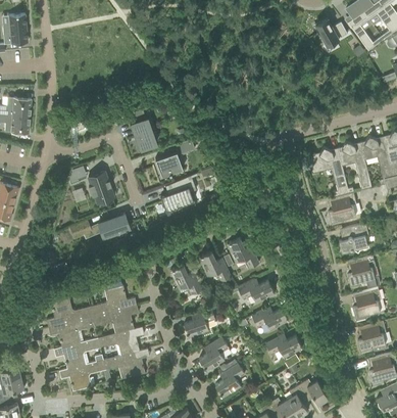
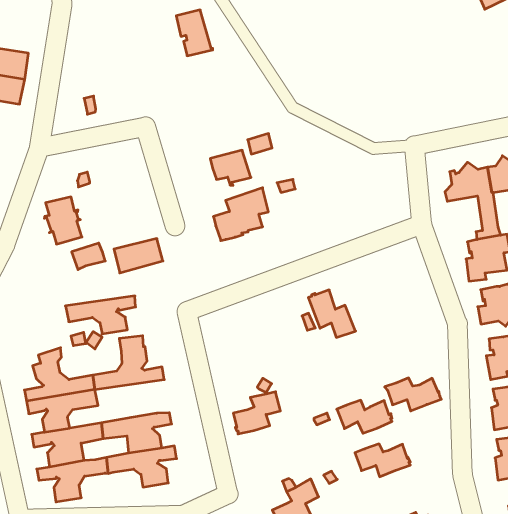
building: [130,120,155,150] -> [176,10,213,56]
building: [88,172,113,203] -> [44,197,82,244]
building: [198,251,231,282] -> none
building: [169,265,202,296] -> none
building: [237,280,275,303] -> [385,378,441,411]
building: [92,306,138,332] -> [65,296,136,334]
building: [198,337,229,371] -> none

